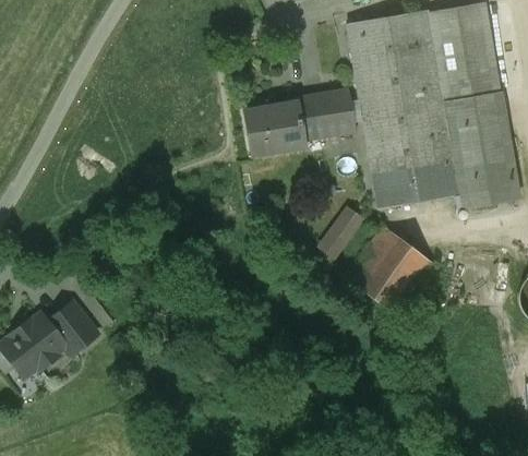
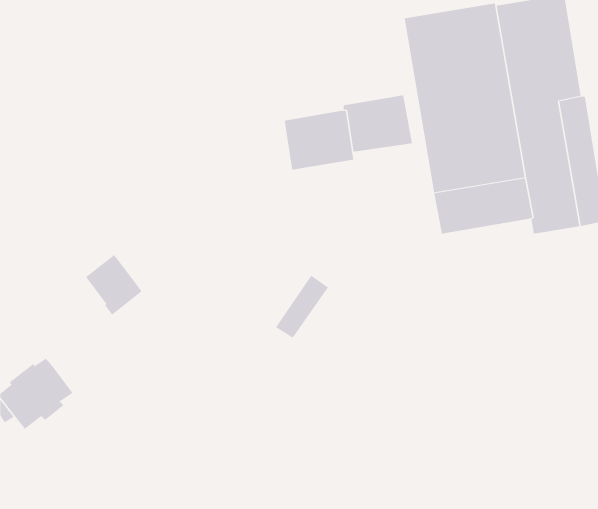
building: [320,203,365,257] -> [275,275,329,339]
building: [348,228,436,314] -> none
building: [48,300,97,352] -> [85,254,143,316]

